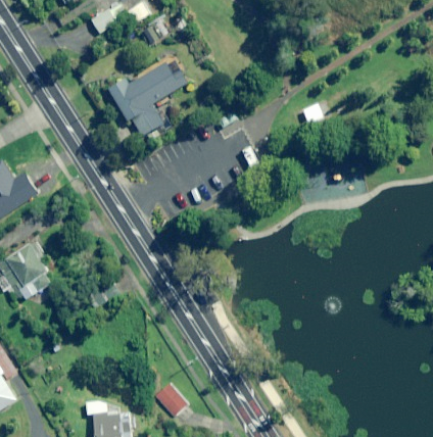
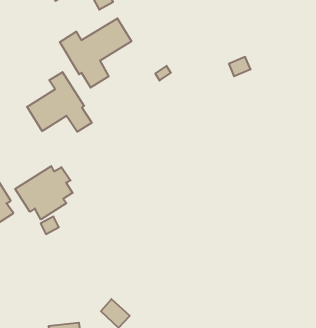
building: none -> [27,72,92,132]
building: none -> [15,166,73,219]

